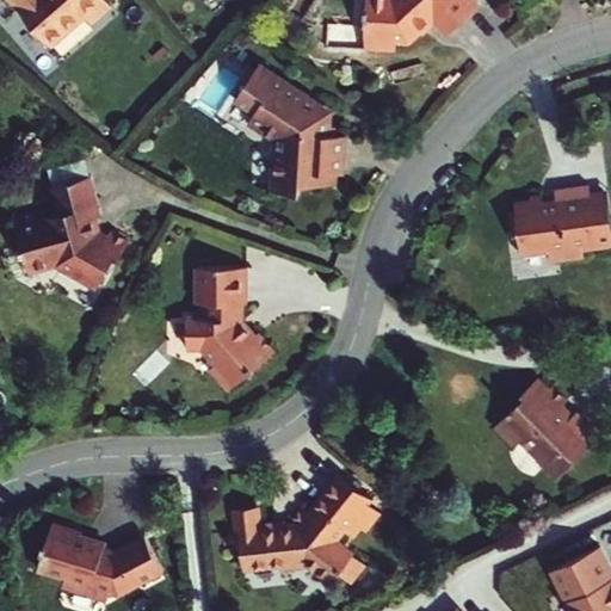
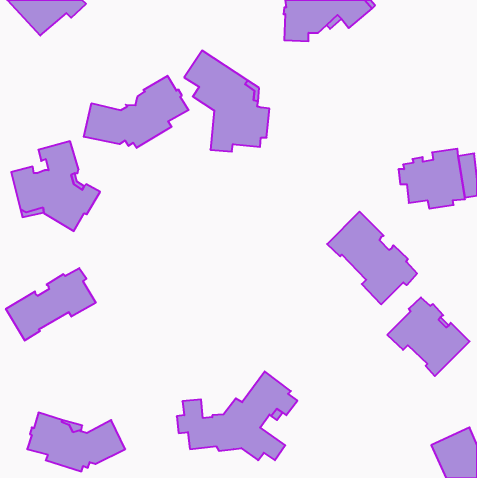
building: none -> [84,76,189,148]
building: [185,269,272,394] -> none
building: none -> [327,212,417,304]
building: none -> [6,268,96,341]

